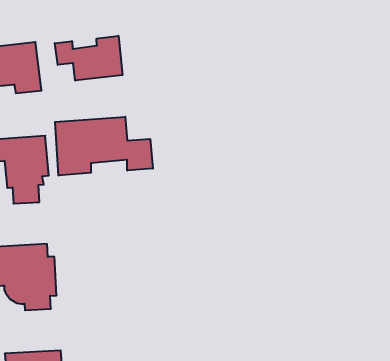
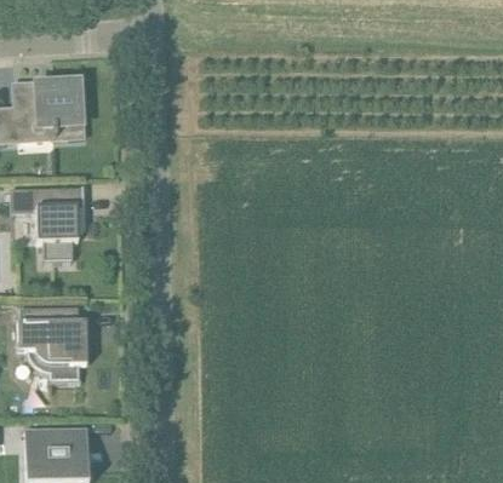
building: [55,36,123,81] -> none
building: [55,117,153,176] -> none

